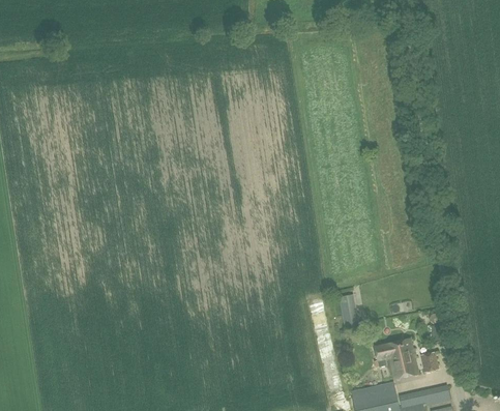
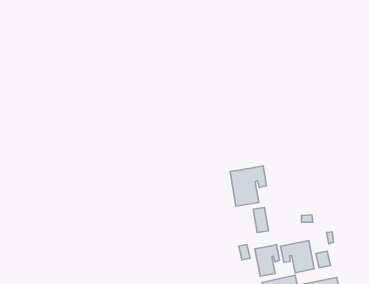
building: none -> [230,166,267,206]
building: none -> [255,245,280,276]

